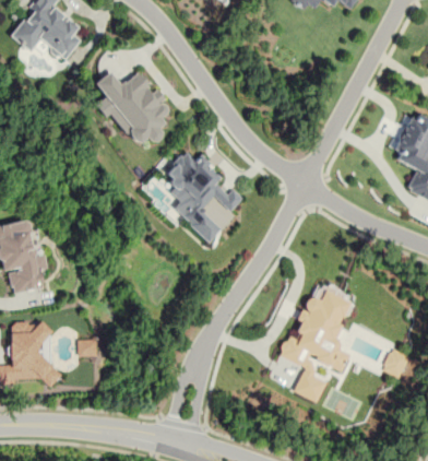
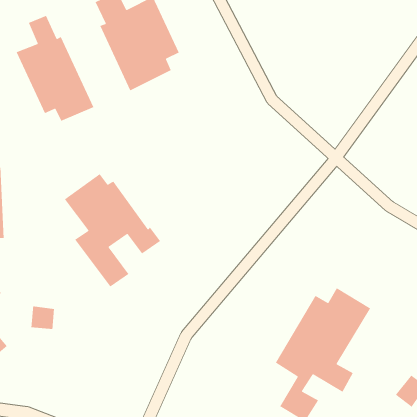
building: none -> [15,15,94,122]
building: [159,151,243,243] -> [64,173,161,287]

